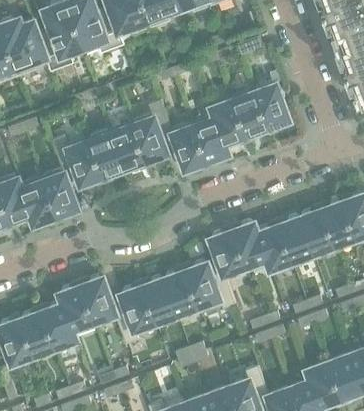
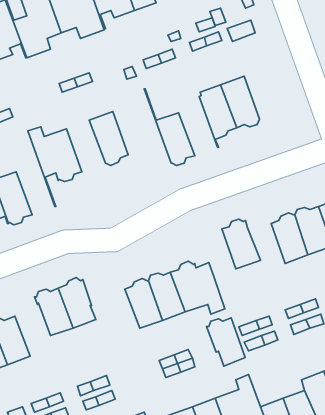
building: [253,82,290,129] -> none
building: [131,101,185,171] -> none
building: [192,108,228,163] -> none
building: [88,130,124,178] -> none
building: [41,140,77,218] -> none
building: [256,226,291,271] -> none
building: [209,231,245,276] -> [207,318,245,366]
building: [110,287,156,345] -> none
building: [40,300,77,349] -> none

